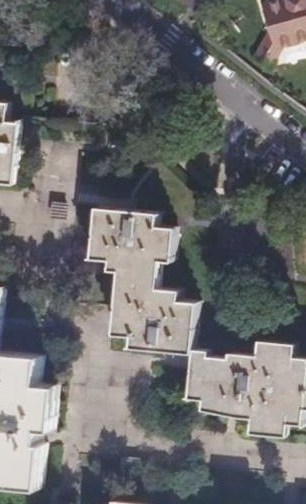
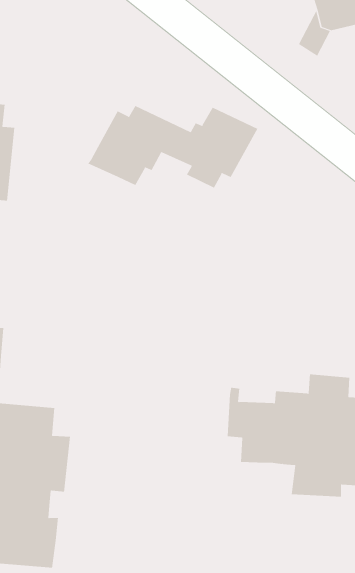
building: none -> [88,105,258,188]
building: [89,203,193,347] -> none

